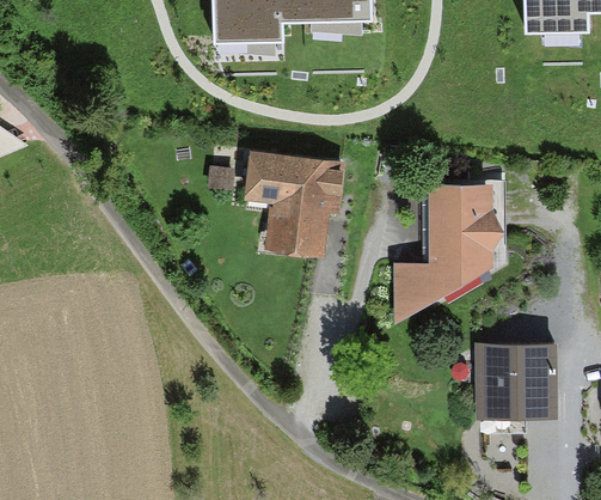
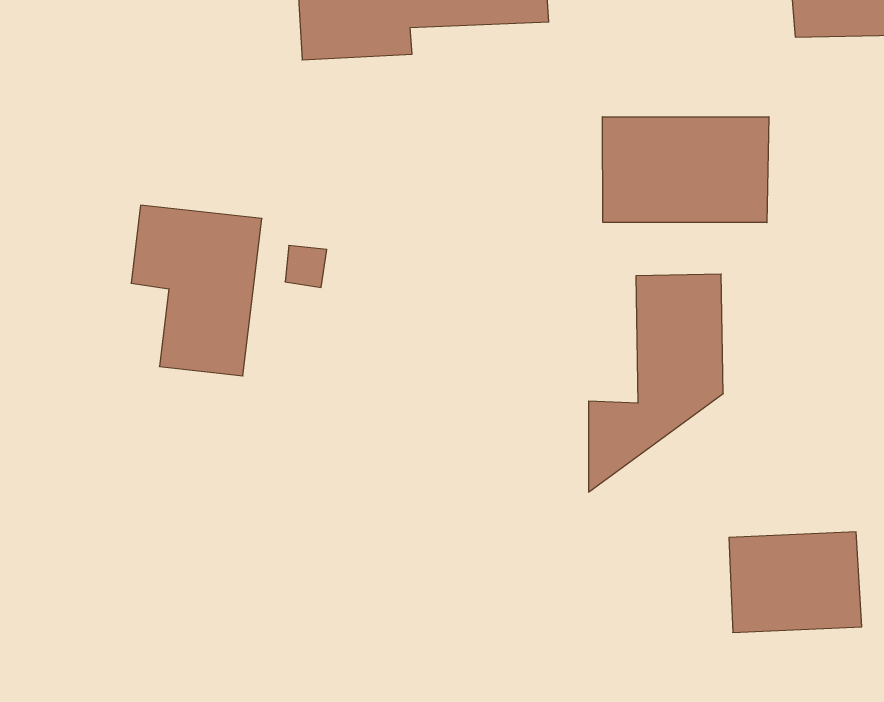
building: none -> [602,117,769,223]
building: [244,148,326,256] -> [131,205,262,376]

